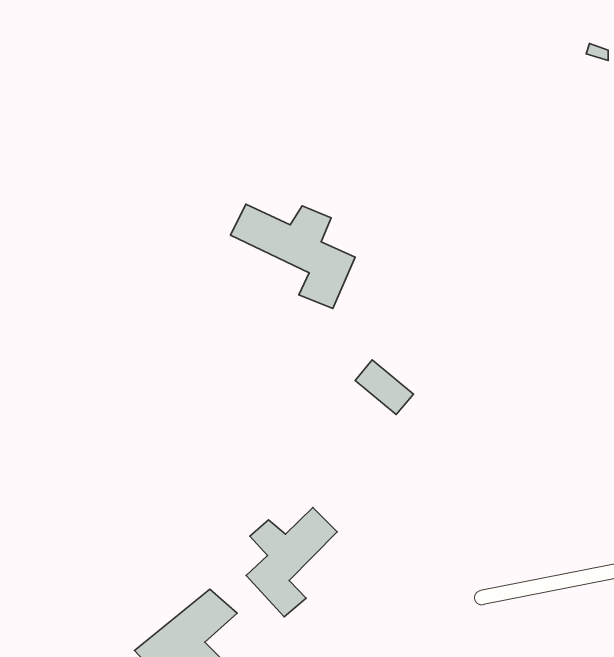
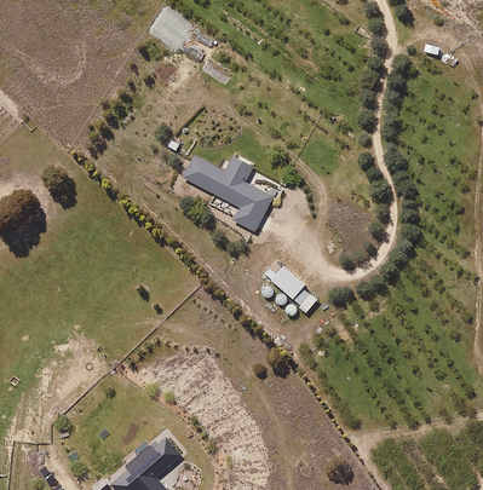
building: [246,508,337,617] -> none

